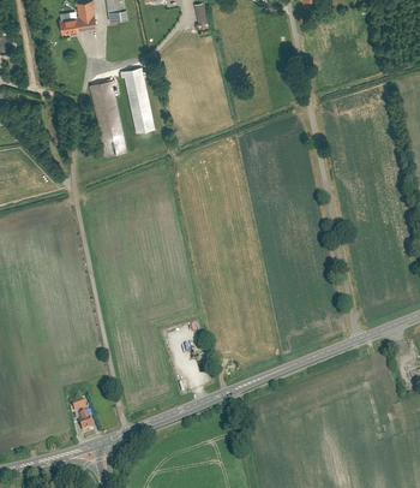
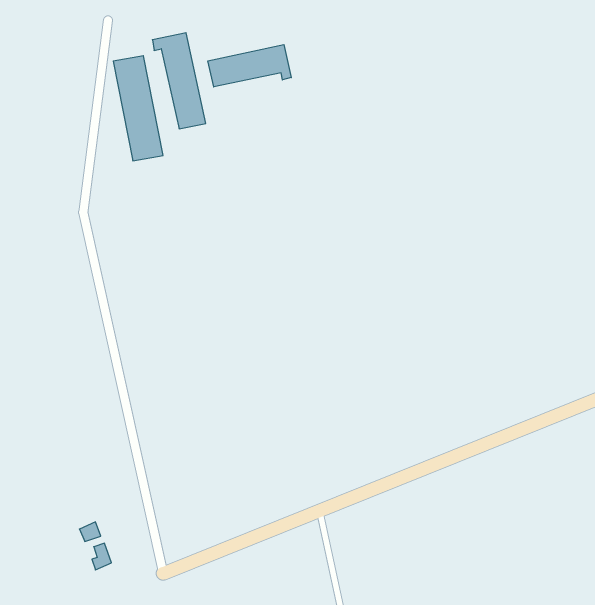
building: none -> [208,45,291,87]

